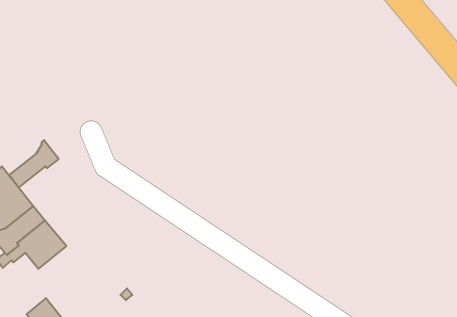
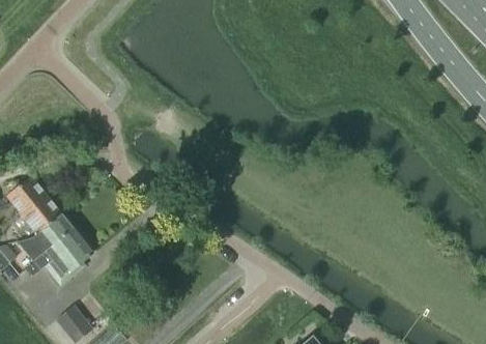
building: [9,140,59,188] -> none

